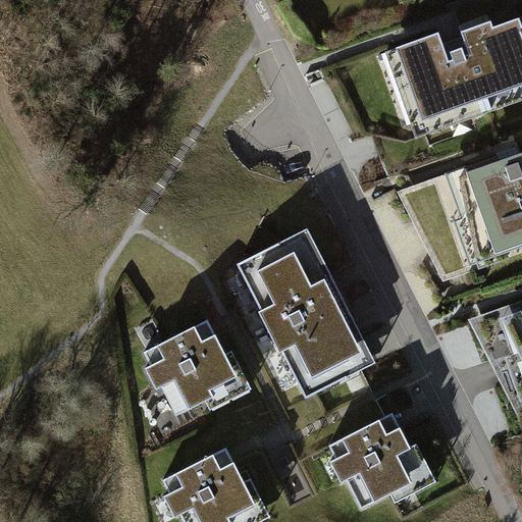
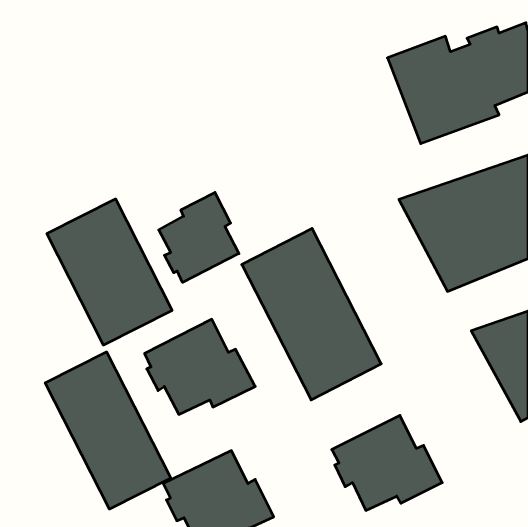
building: none -> [159,192,239,282]
building: none -> [47,199,172,345]
building: none -> [45,352,171,509]

